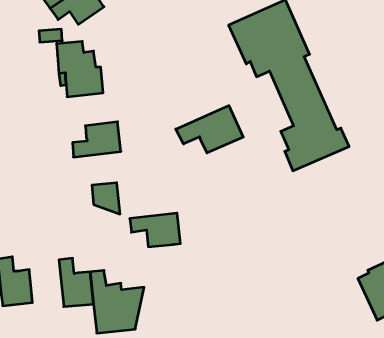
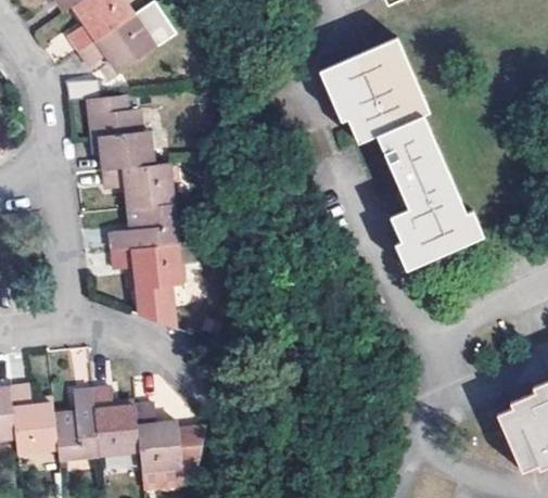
building: none -> [103,163,171,208]
building: [176,106,243,153] -> none
building: [130,213,180,247] -> [112,243,180,289]
building: none -> [53,390,99,458]

